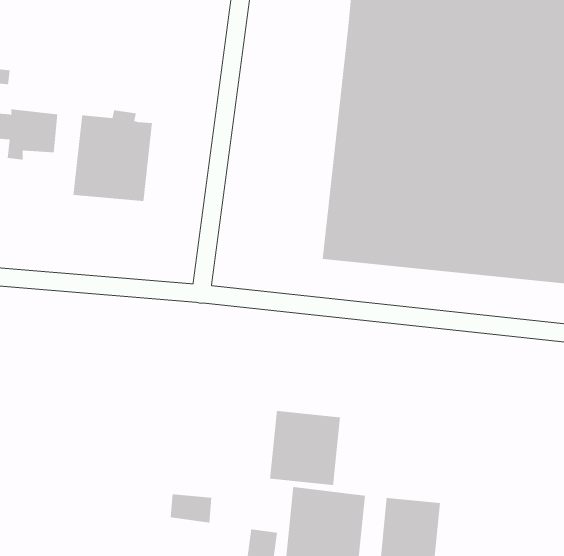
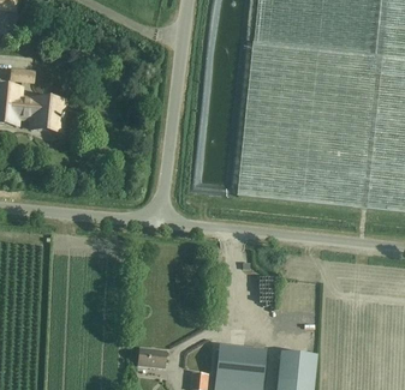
building: [73,109,153,202] -> none
building: [269,410,341,486] -> none

